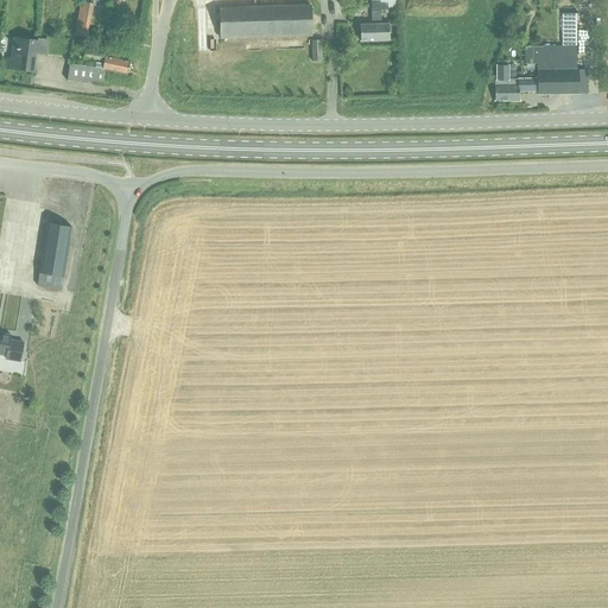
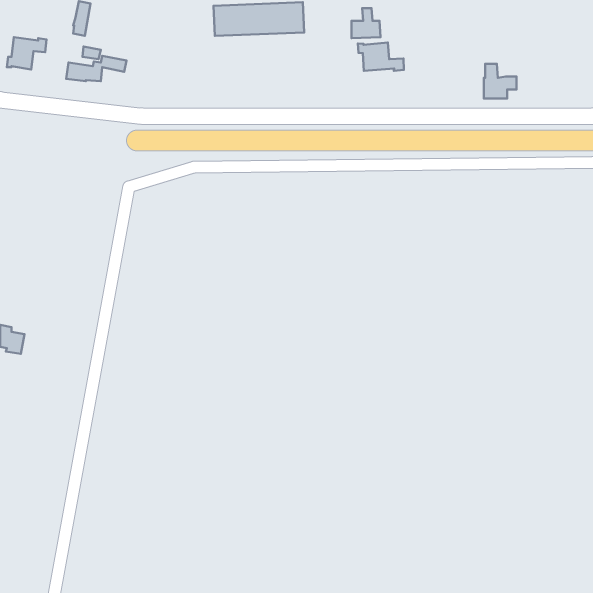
building: [525,17,587,94] -> none
building: none -> [358,42,404,71]
building: [37,223,71,290] -> none

